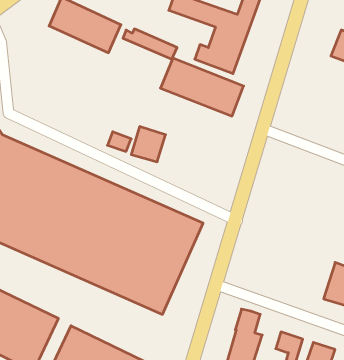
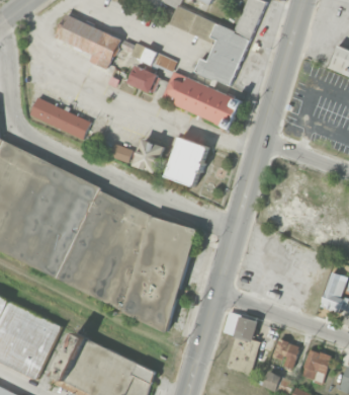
building: none -> [126,66,158,93]
building: none -> [27,97,90,139]
building: none -> [164,137,207,186]

